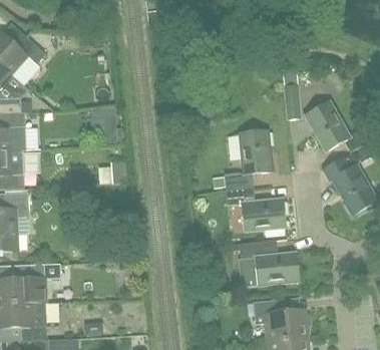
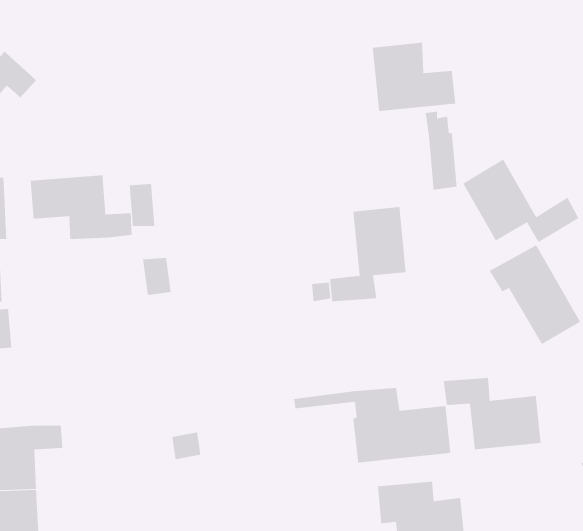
building: none -> [372,42,456,112]
building: none -> [30,175,132,240]
building: [225,186,285,230] -> [443,378,541,450]

